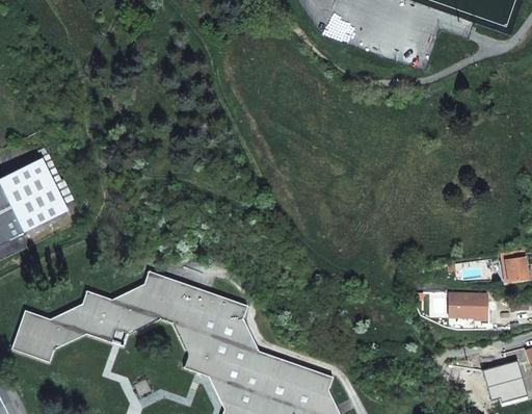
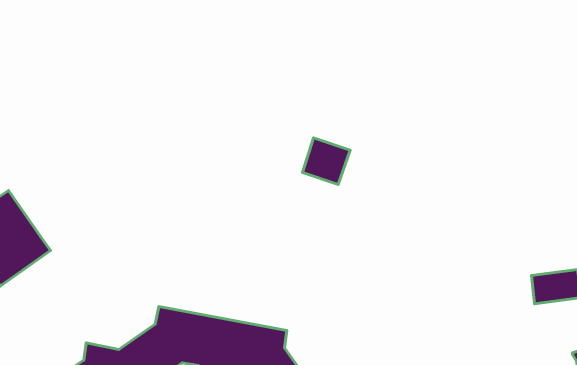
building: none -> [302,138,350,184]

